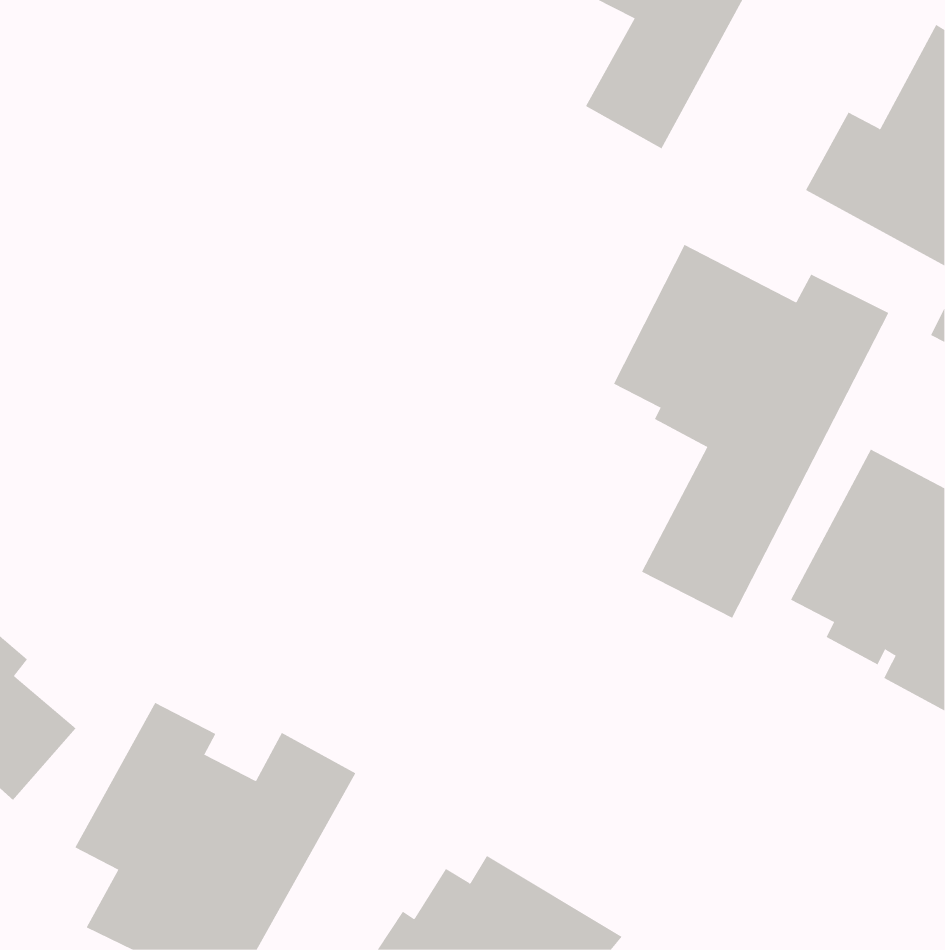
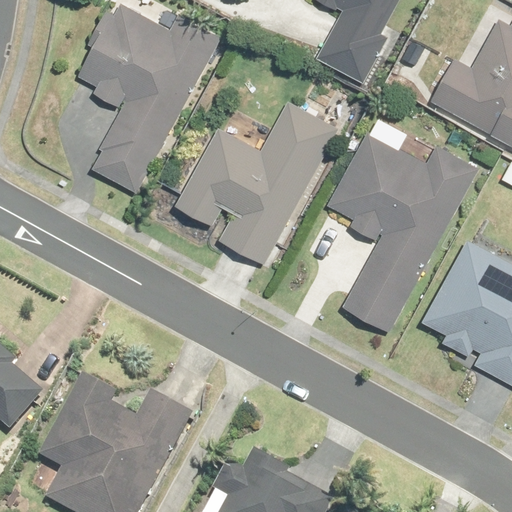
building: none -> [76,4,216,191]
building: none -> [177,102,337,262]

